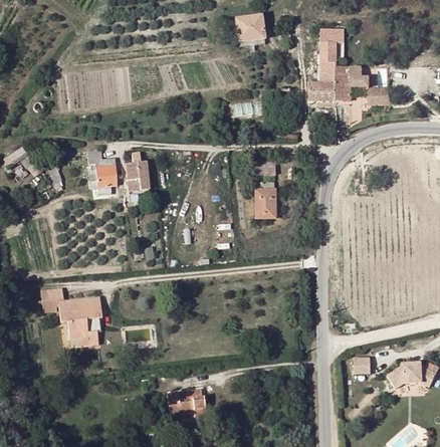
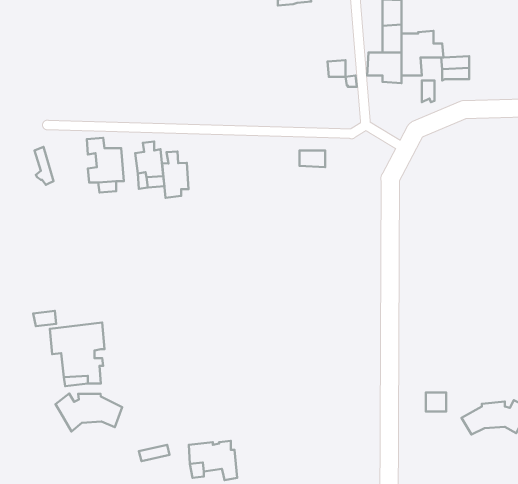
building: none -> [162,151,189,198]
building: [256,182,277,218] -> none
building: none -> [56,394,122,431]

